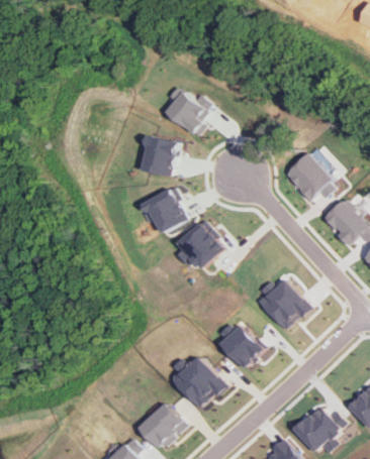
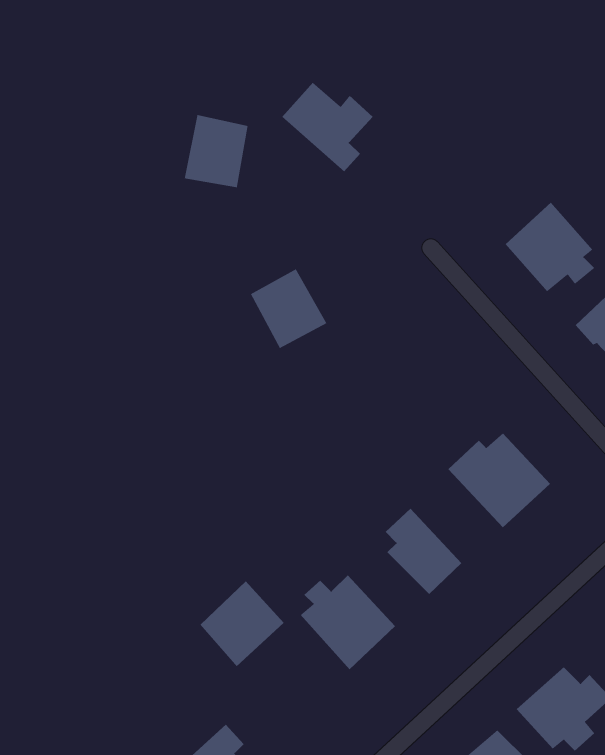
building: [143,135,178,176] -> [184,114,248,188]
building: [177,222,224,270] -> none
building: [142,403,188,450] -> [200,580,284,667]

